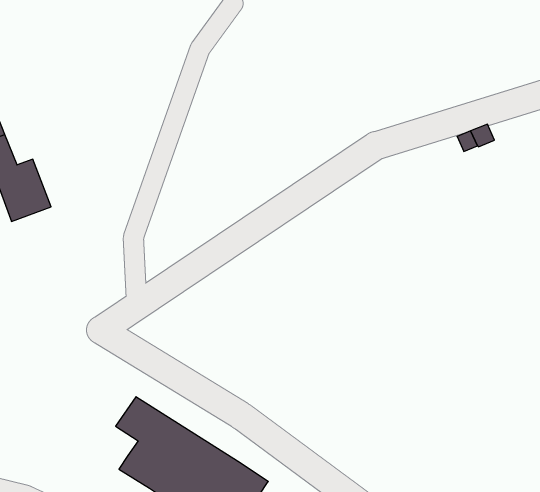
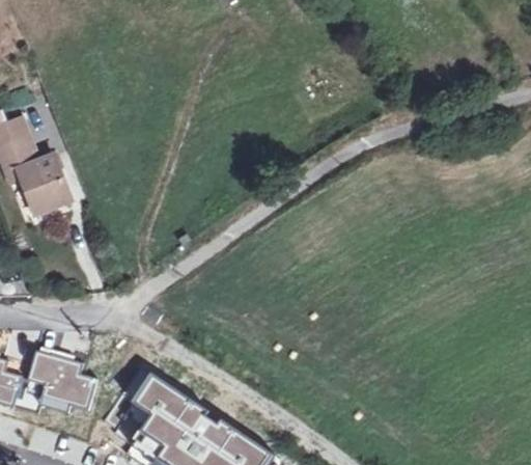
building: none -> [28,351,94,408]

